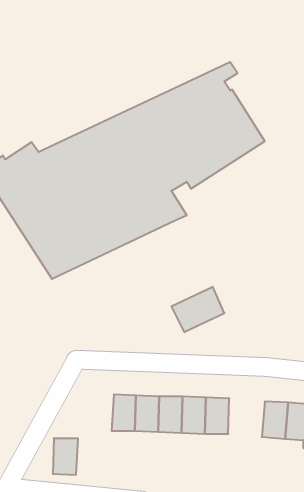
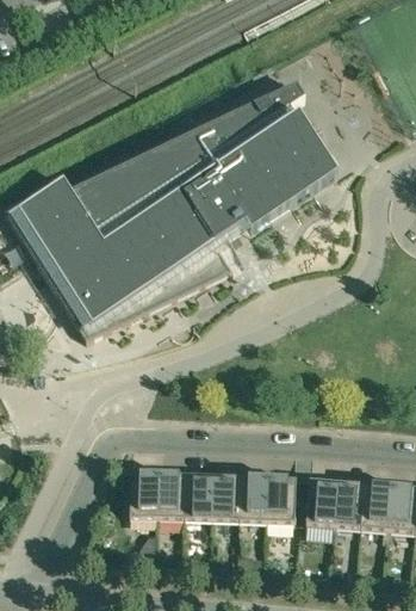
building: [172,287,224,332] -> none
building: none -> [306,479,337,523]
building: [53,438,78,475] -> [130,473,160,516]

